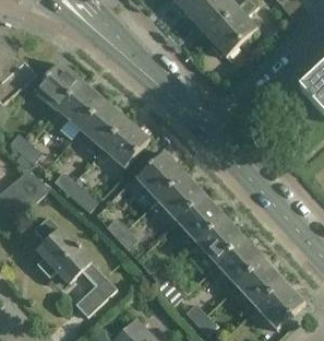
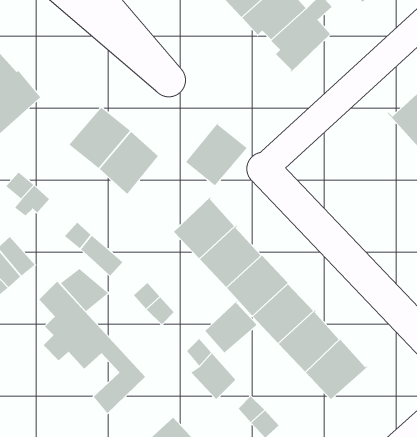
building: [35,62,83,111] -> none
building: [101,119,149,168] -> [185,122,248,186]
building: [12,168,49,203] -> [60,266,109,312]
building: none -> [205,300,258,354]
building: [256,281,304,329] -> none

